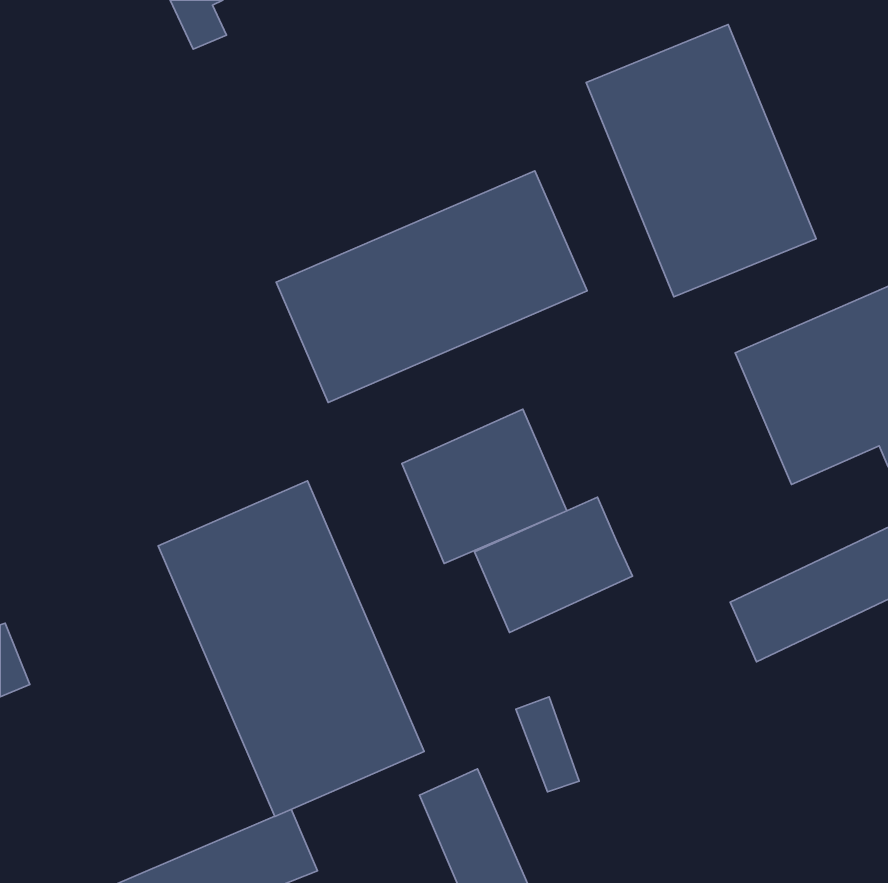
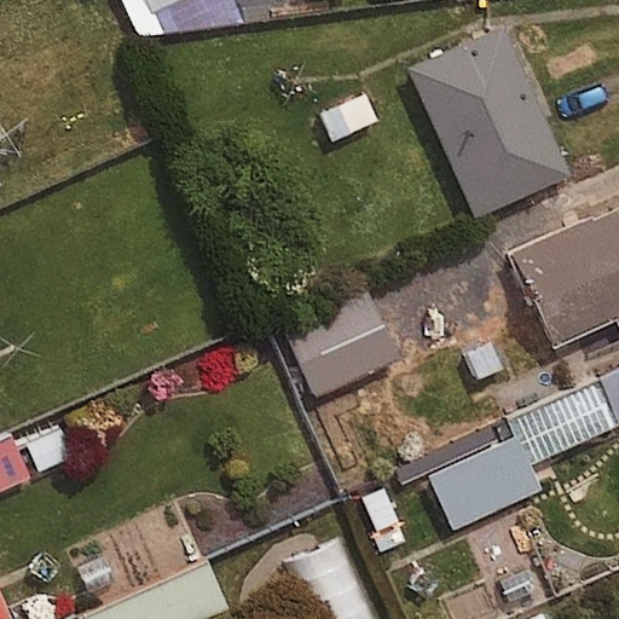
building: [276,171,587,402] -> none
building: [158,481,424,816] -> none
building: [475,497,632,632] -> [429,435,538,528]

